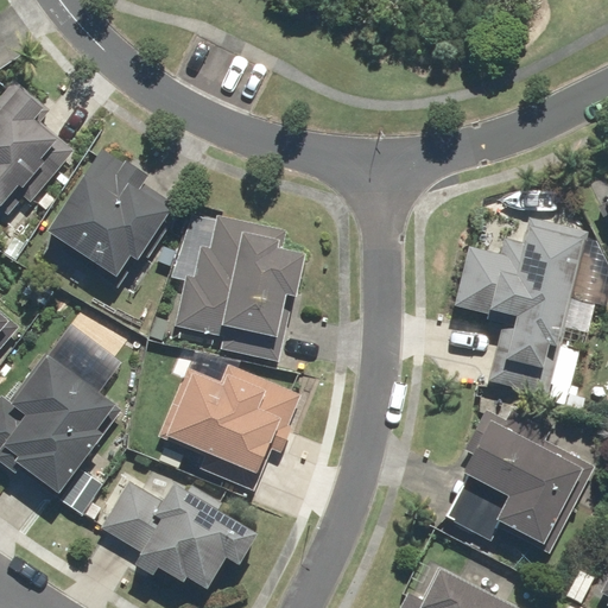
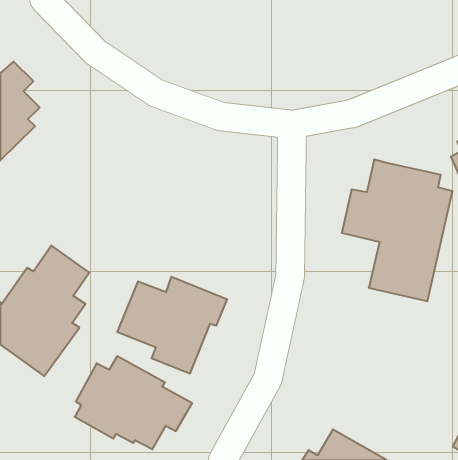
building: [42,144,175,283] -> none
building: [173,216,303,362] -> none
building: [446,414,596,553] -> none

